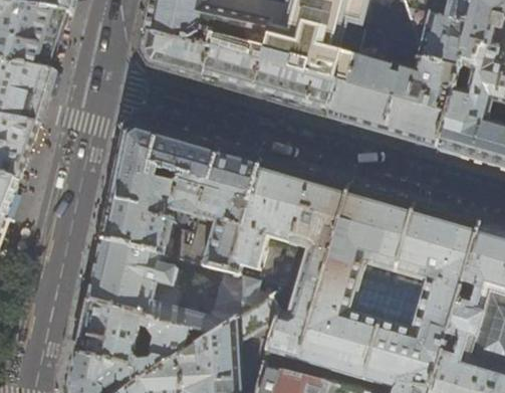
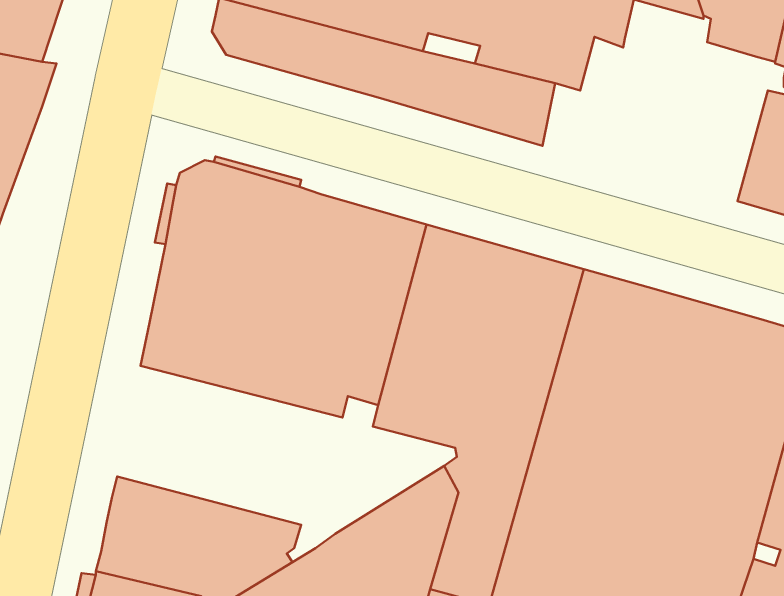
building: [329,57,456,150] -> none
building: [90,242,281,345] -> none

